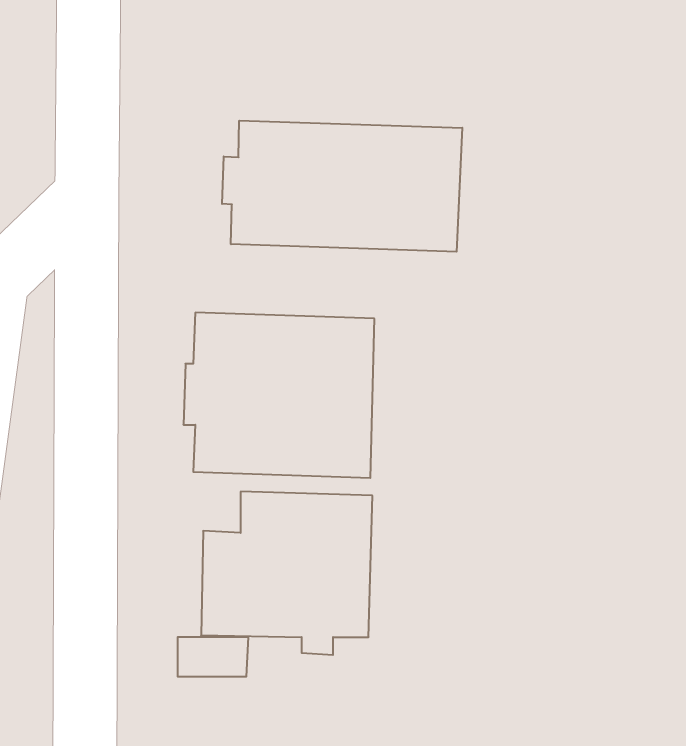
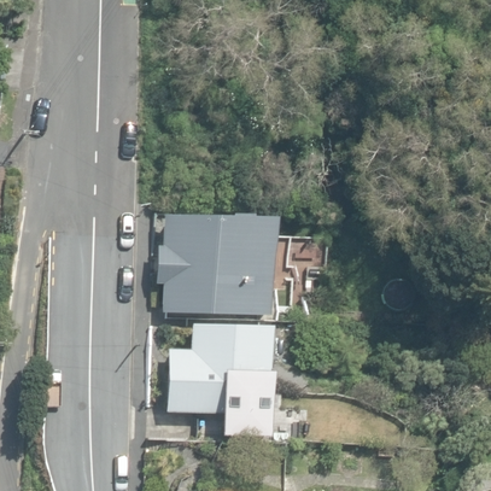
building: [222,121,462,252] -> none

